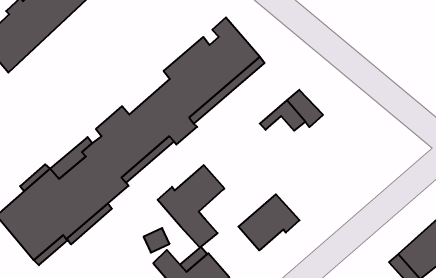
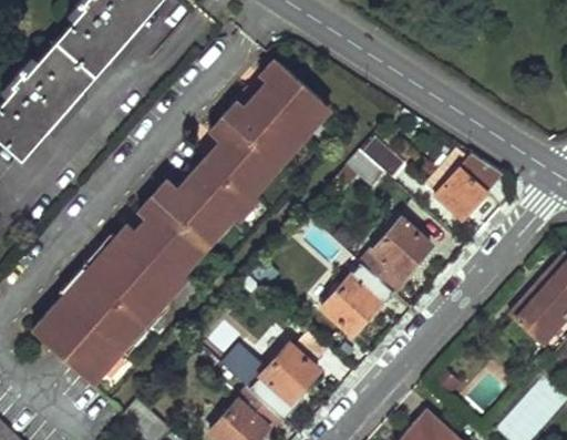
building: none -> [426,152,505,218]
building: none -> [362,219,430,293]
building: [158,165,224,247] -> none

